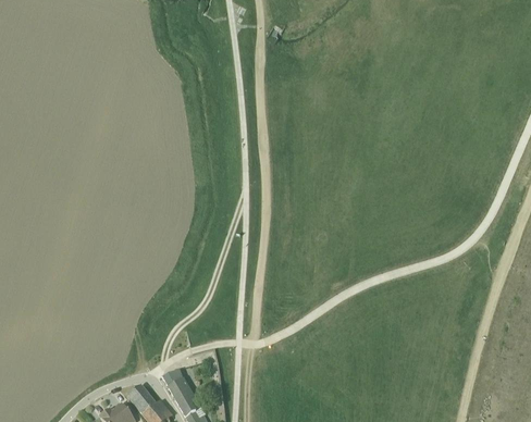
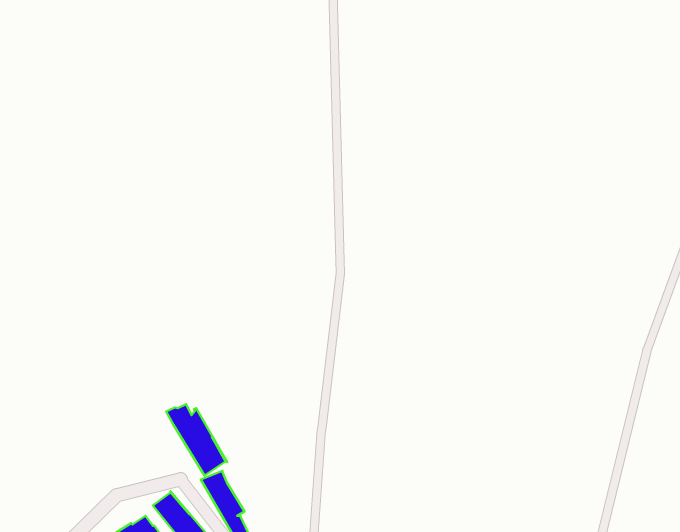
building: none -> [166,404,227,475]

